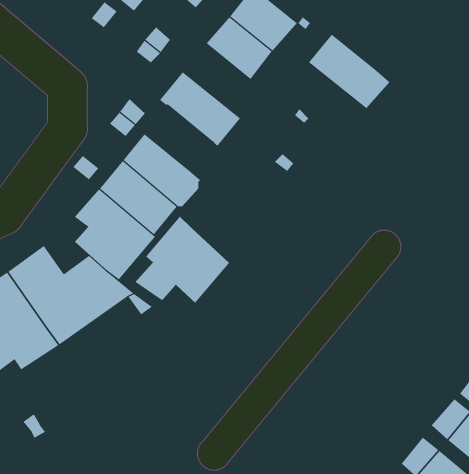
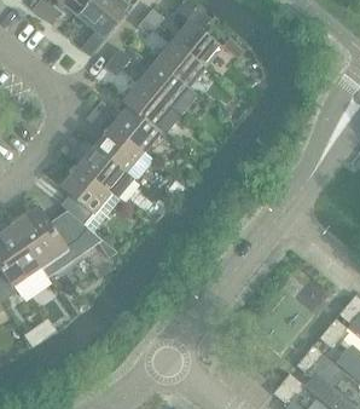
building: [308,34,390,109] -> [138,61,197,115]
building: none -> [110,105,159,152]
building: [135,216,230,304] -> none

